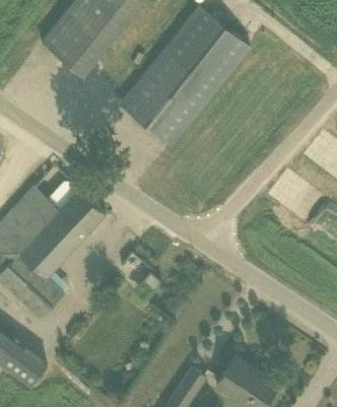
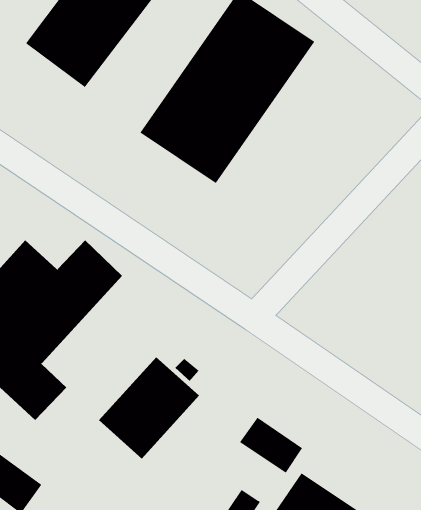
building: none -> [98,356,200,459]
building: none -> [239,417,303,473]

